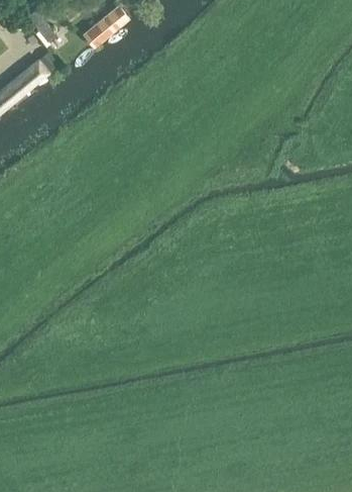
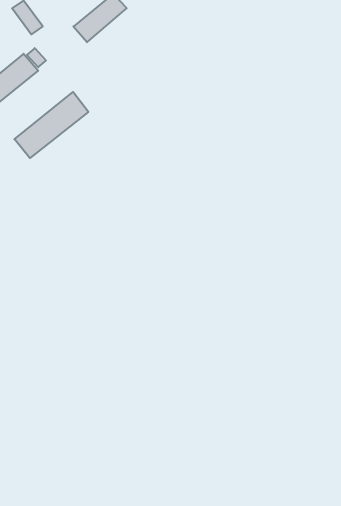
building: none -> [14,92,88,158]

